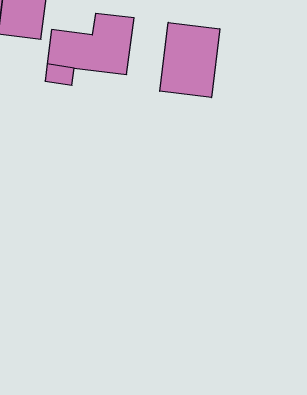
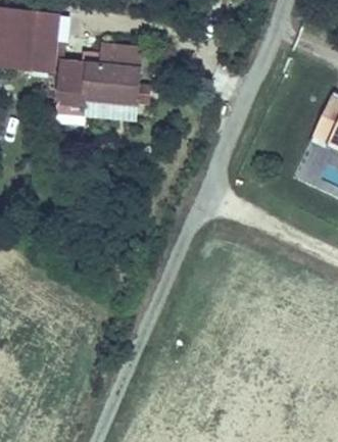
building: [160,22,220,98] -> none

